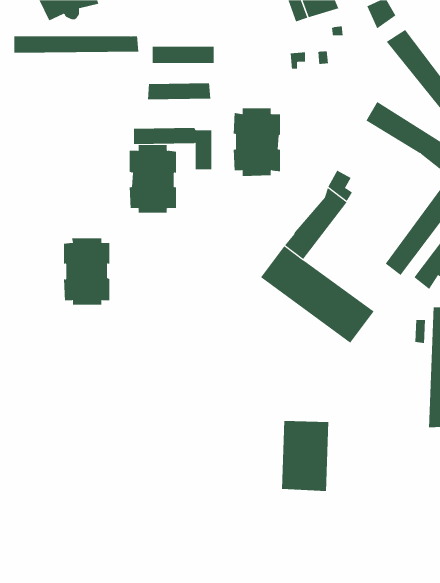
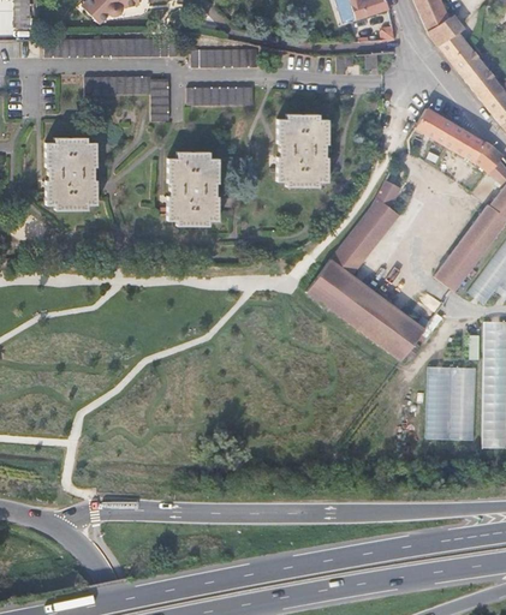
building: none -> [428,13,464,44]
building: [133,127,212,170] -> [85,77,168,121]
building: [63,238,110,305] -> [46,138,95,209]
building: [281,421,329,492] -> [425,366,476,441]

